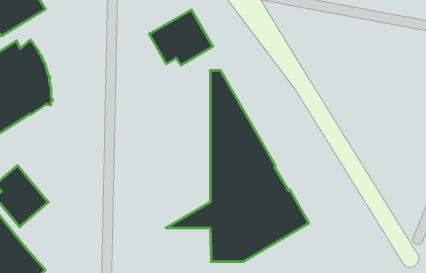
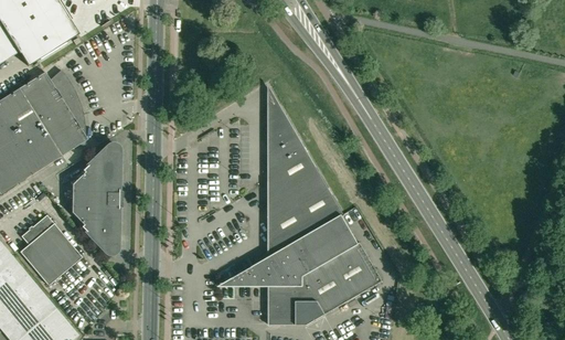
building: [149,10,213,65] -> none
building: none -> [72,144,120,254]

